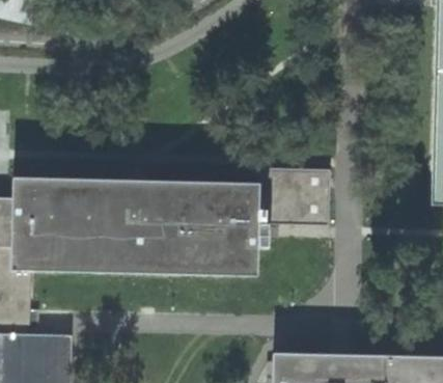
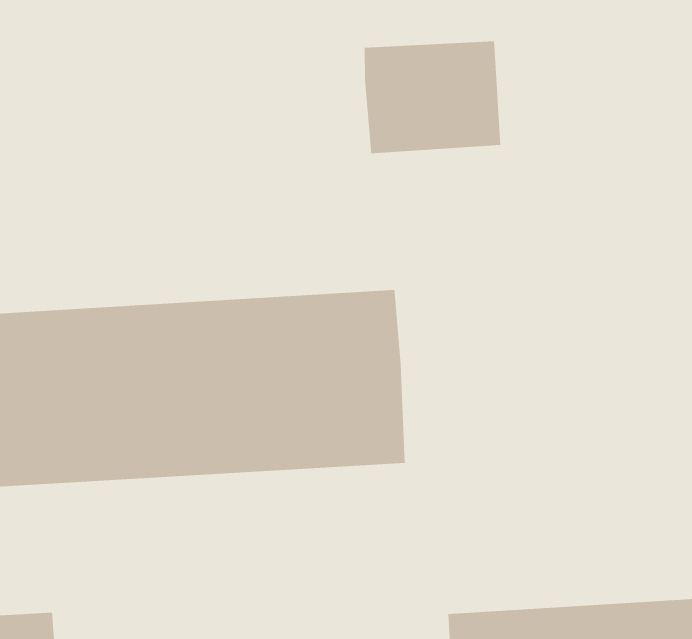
building: [262,167,332,224] -> [364,41,501,154]

